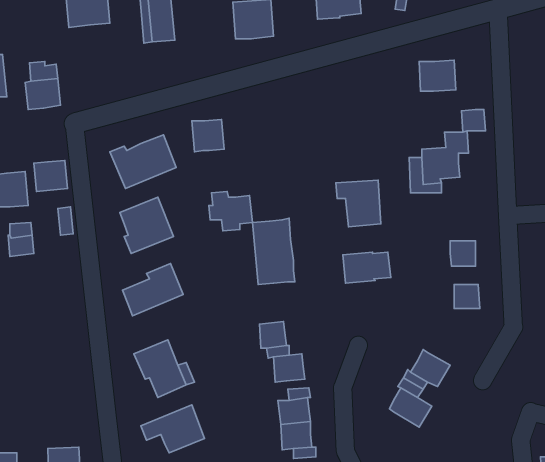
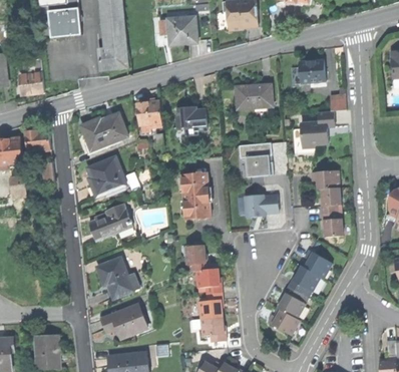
building: none -> [97,45,127,68]
building: none -> [235,82,273,108]
building: [209,191,252,231] -> [175,106,207,134]
building: none -> [310,170,339,188]
building: none -> [304,249,331,277]
building: none -> [267,309,299,336]

